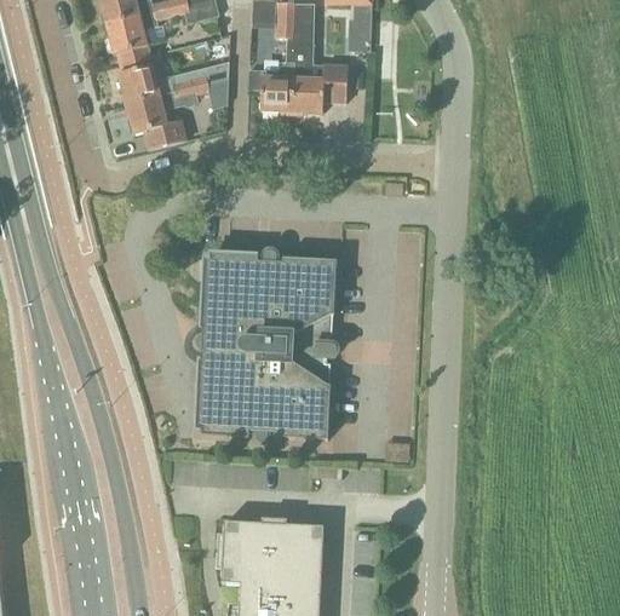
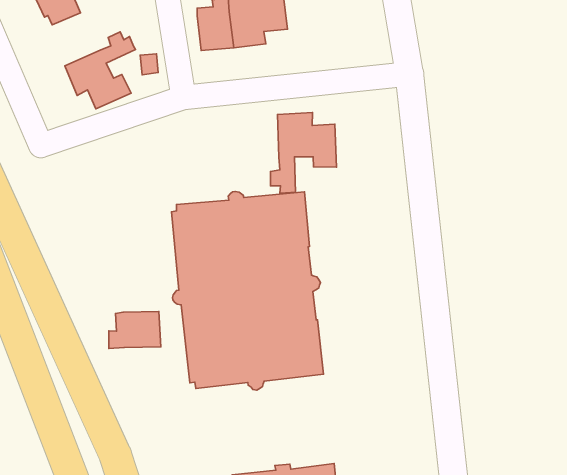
building: [116,54,226,103] -> none
building: none -> [270,112,336,193]
building: none -> [109,311,161,349]

